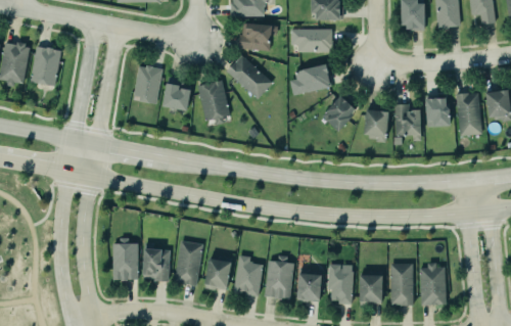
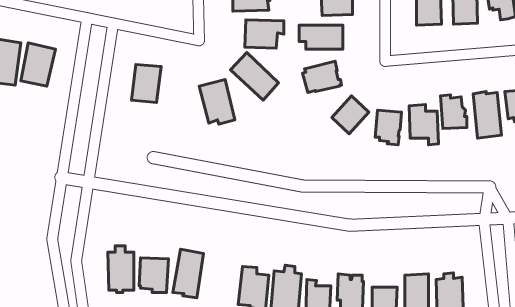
building: [164,77,191,110] -> none
building: [203,258,230,289] -> none

